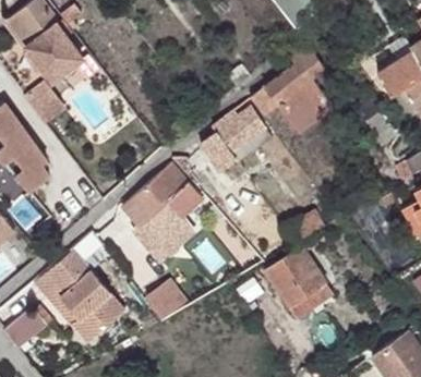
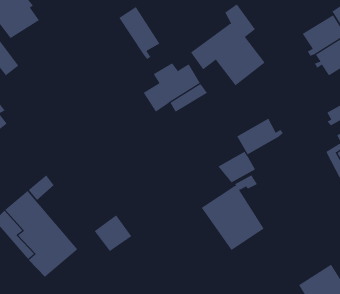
building: none -> [119,6,160,60]
building: [123,163,203,263] -> none
building: none -> [237,118,284,155]

